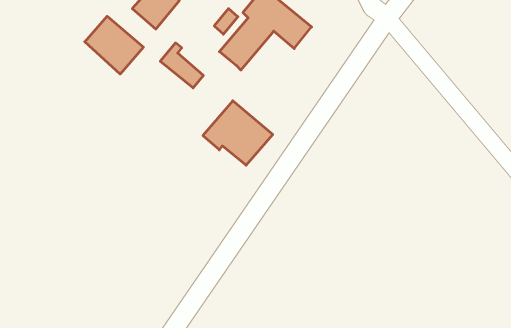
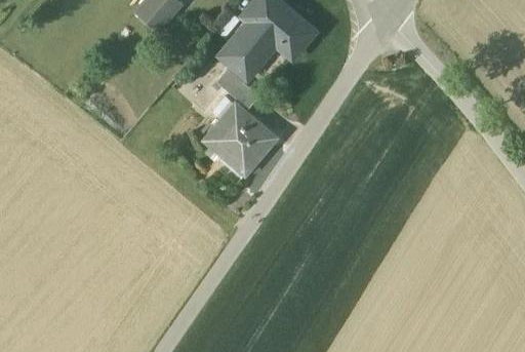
building: [85,16,143,74] -> none
building: [160,43,203,88] -> [216,63,259,108]

